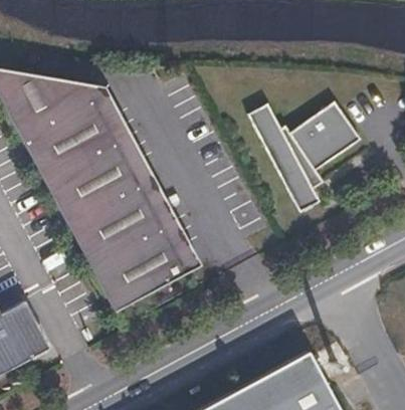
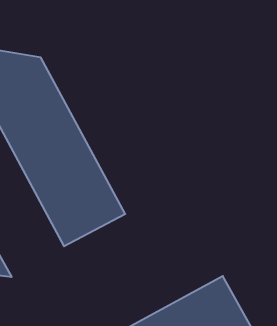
building: [248,99,363,210] -> none

